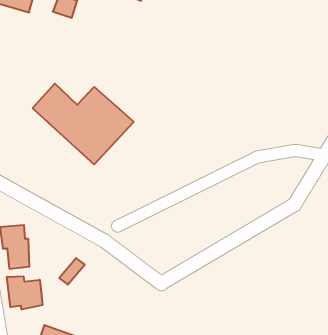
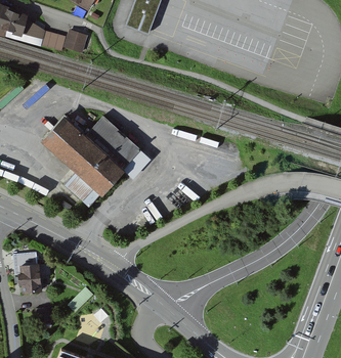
building: [7,276,42,310] -> none

